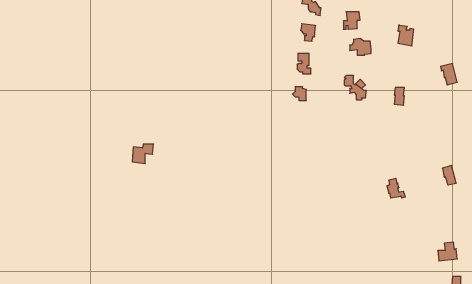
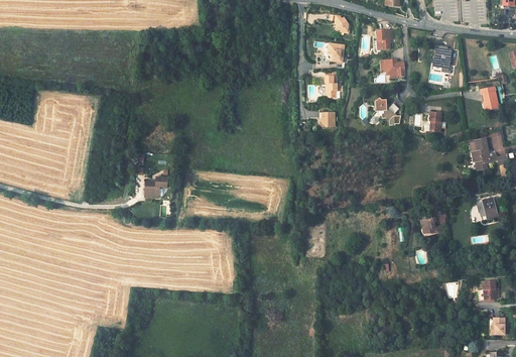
building: none -> [470,139,507,171]

